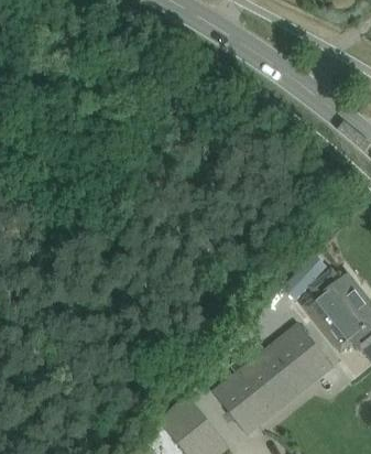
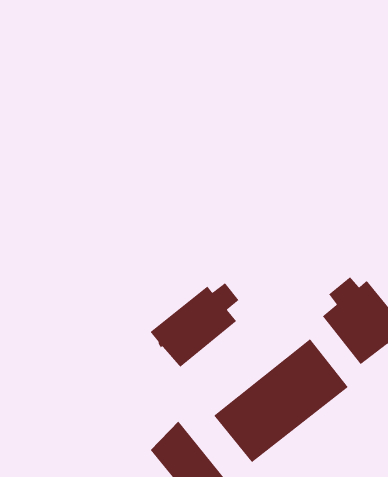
building: [283,255,326,299] -> none
building: none -> [149,282,239,368]

